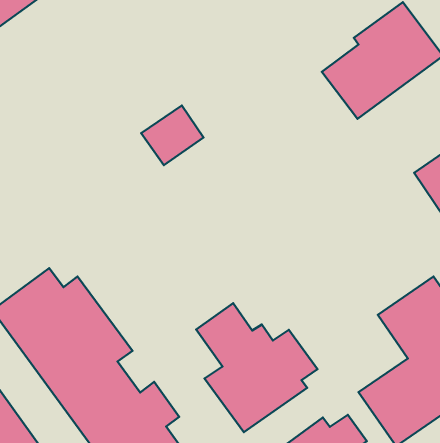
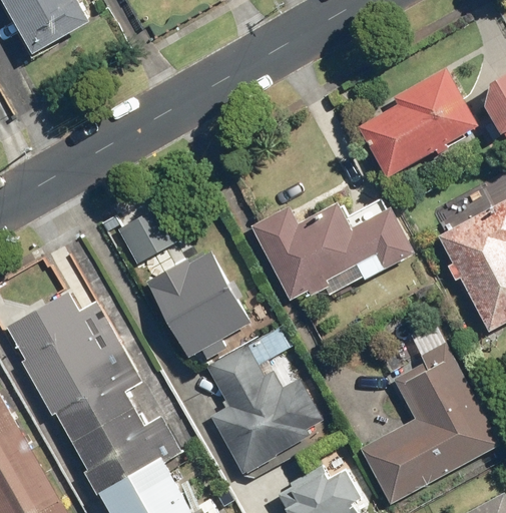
building: [141,105,204,165] -> [116,207,177,265]
building: none -> [250,201,415,299]
building: none -> [147,247,252,357]

